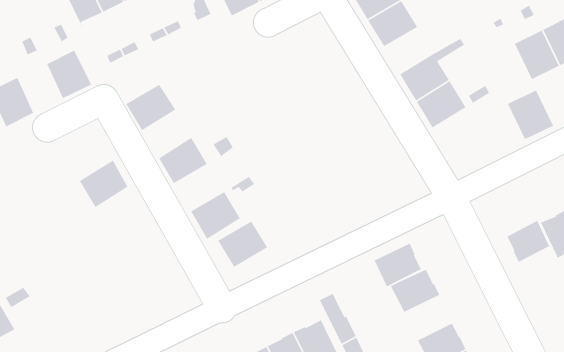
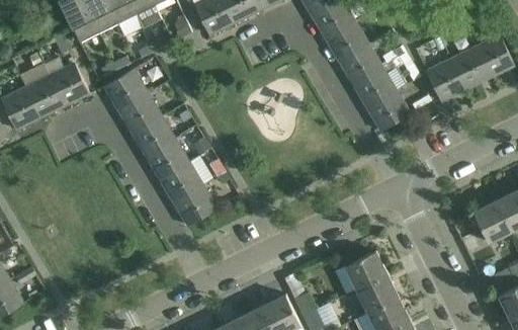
building: none -> [339,45,381,85]
building: none -> [103,69,147,110]
building: none -> [25,76,64,118]
building: [507,89,554,140] -> [425,59,465,102]
building: [79,160,128,208] -> [132,115,174,157]
building: [506,220,550,263] -> none
building: [217,220,268,268] -> [159,162,202,202]
building: [374,242,422,287] -> [356,274,398,313]

